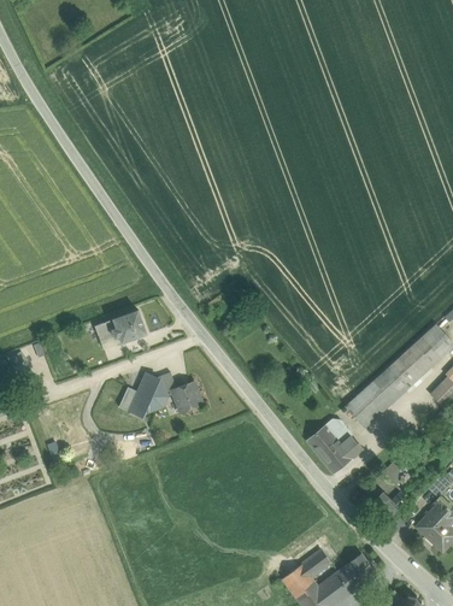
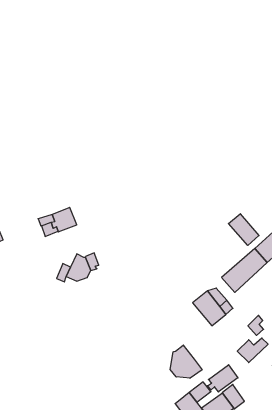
building: none -> [228,214,259,245]
building: [171,383,201,412] -> none
building: none -> [170,345,202,378]
building: none -> [207,365,238,392]

